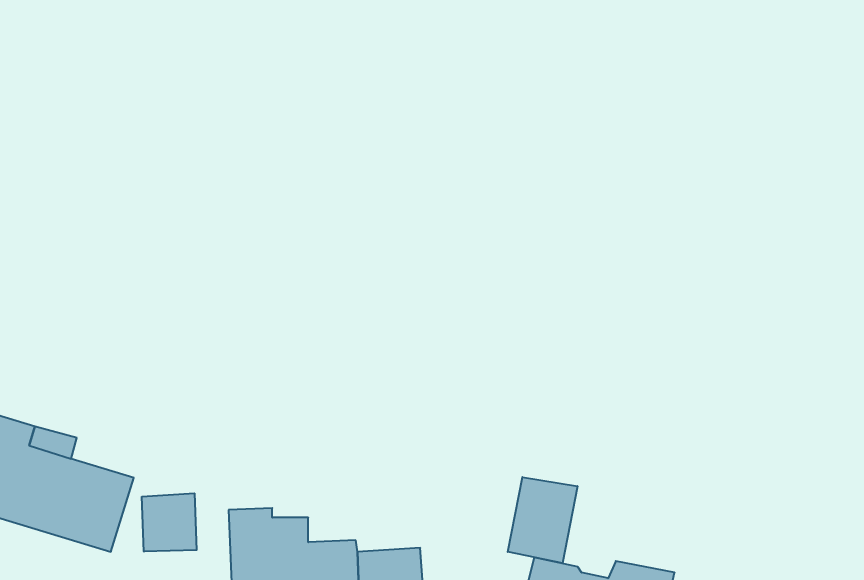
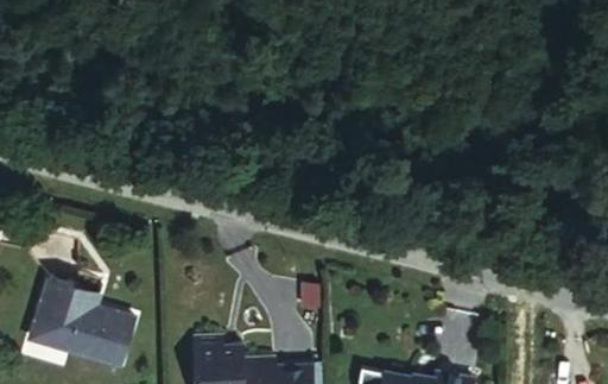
building: [508,477,577,563] -> none
building: [142,493,197,552] -> none

